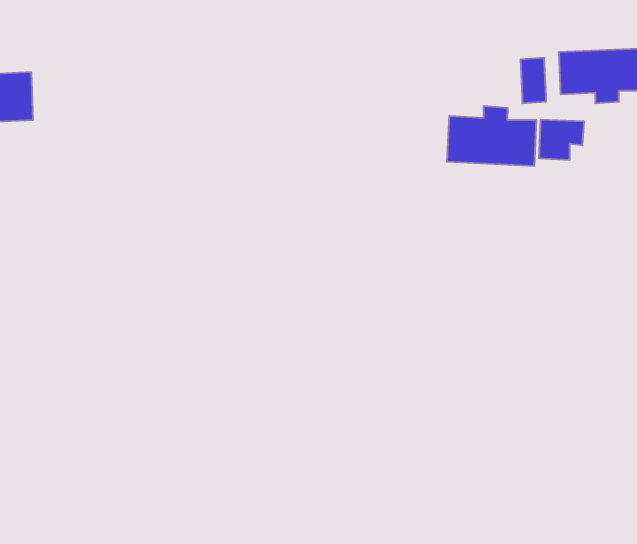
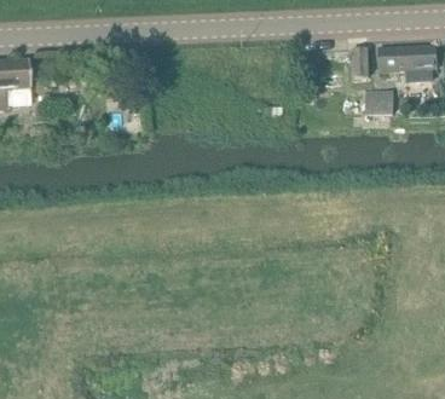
building: [447,106,536,166] -> none

